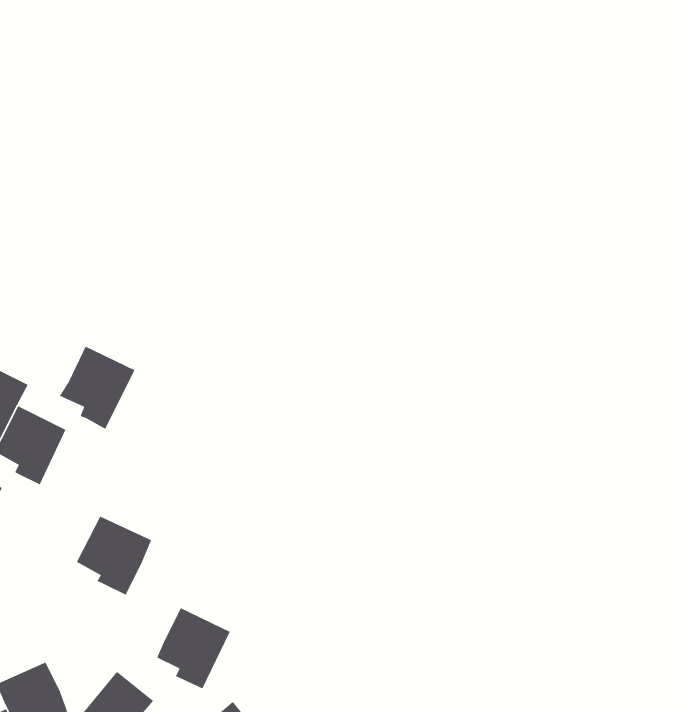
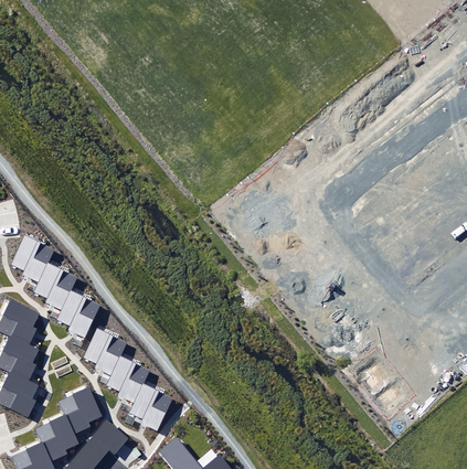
building: [59,345,135,430] -> [55,290,100,340]
building: none -> [107,356,150,403]
building: none -> [59,387,100,433]

